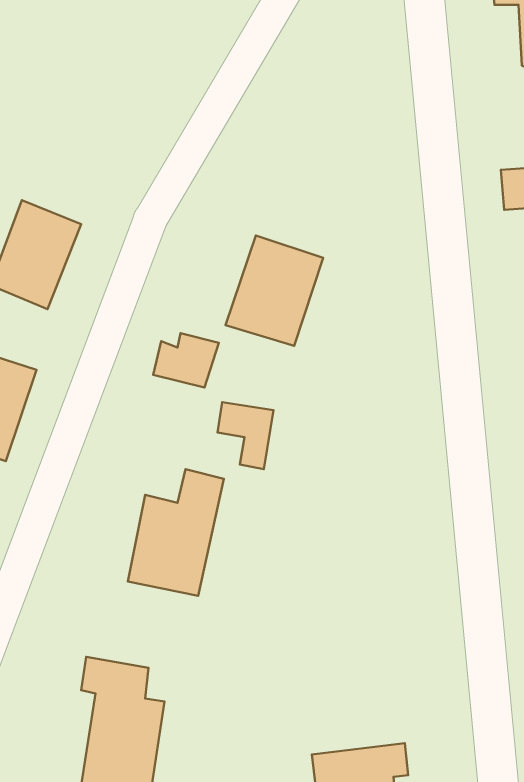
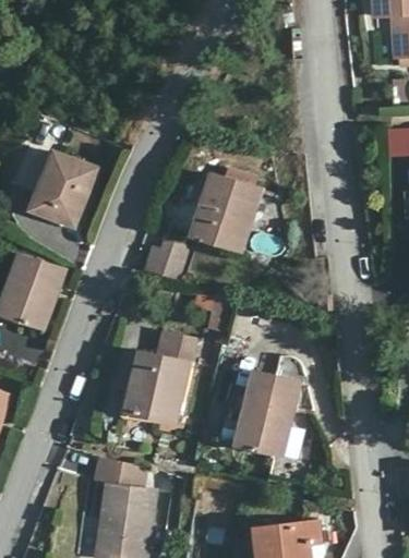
building: none -> [236,369,298,454]

